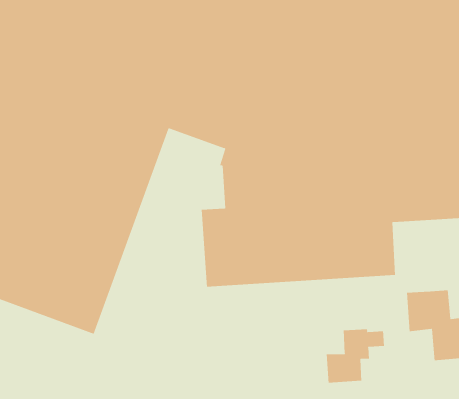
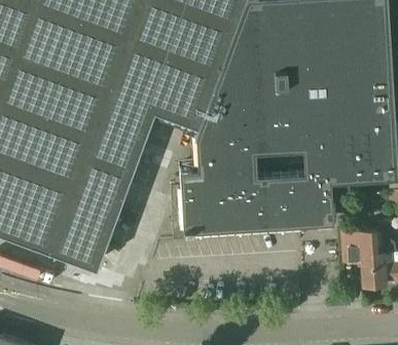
building: [326,329,385,384] -> none

